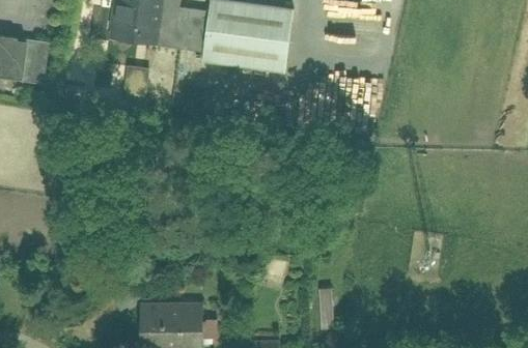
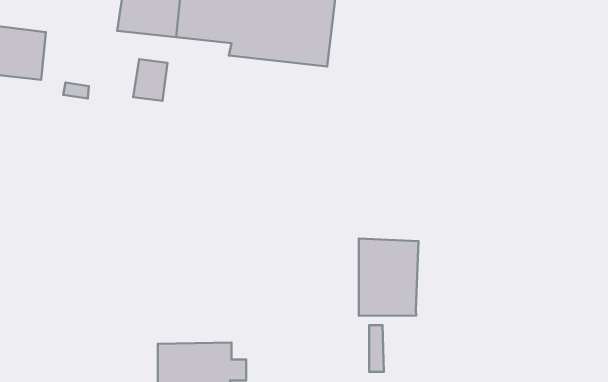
building: none -> [359,238,418,316]

